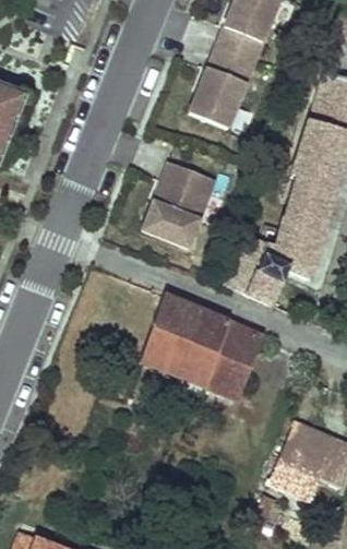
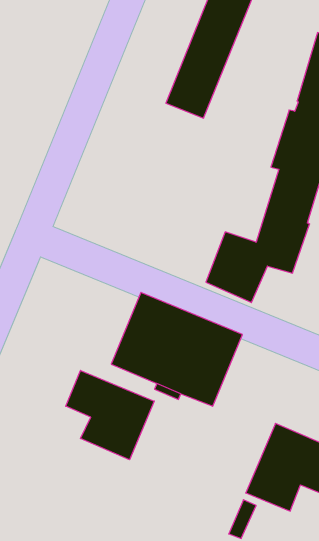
building: [144,163,211,244] -> none
building: none -> [66,370,154,460]

